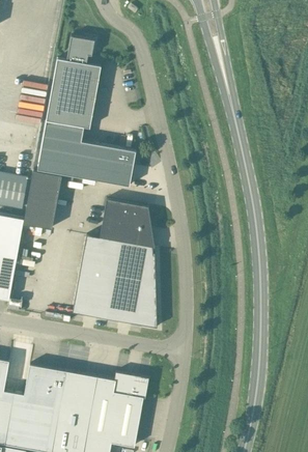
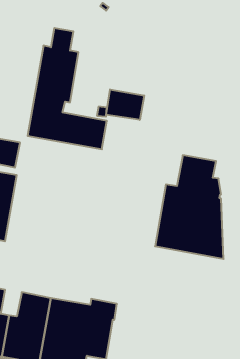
building: none -> [106,89,144,120]
building: [24,170,62,229] -> none
building: [73,199,158,328] -> [155,155,224,259]

